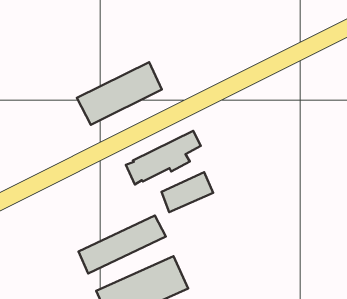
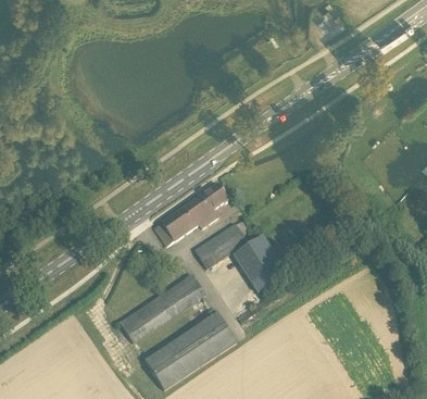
building: [77,62,162,125] -> none
building: none -> [231,236,285,292]

